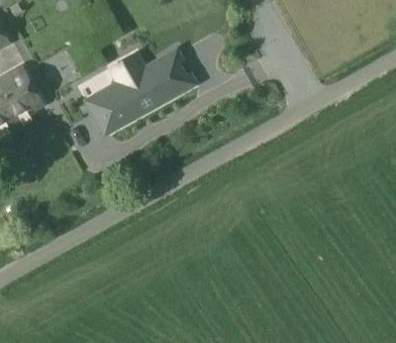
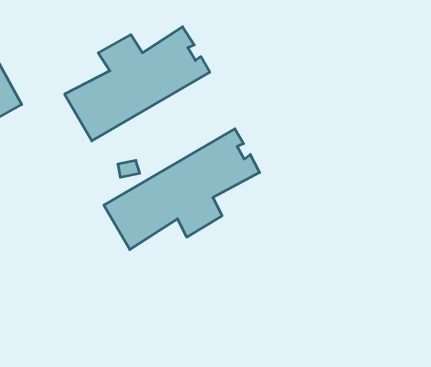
building: none -> [104,129,260,250]

